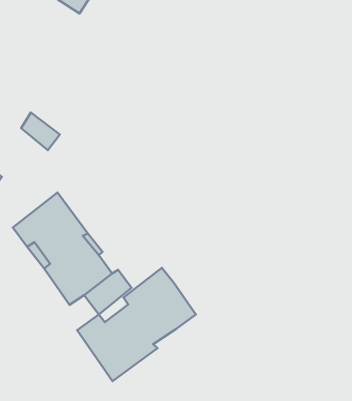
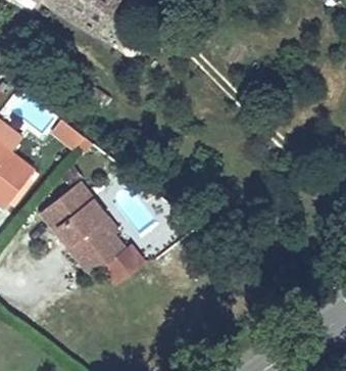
building: [77,268,196,381] -> none

